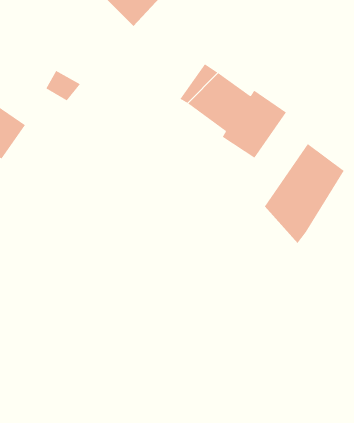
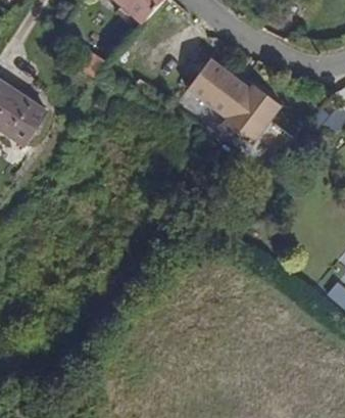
building: [264,143,344,244] -> none

